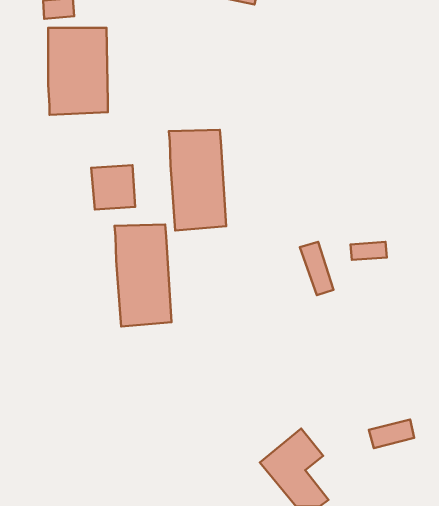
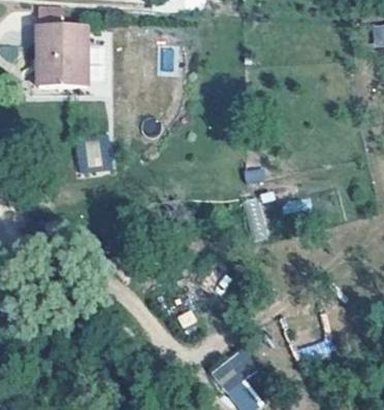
building: [169,130,226,230] -> none
building: [115,225,171,326] -> none

